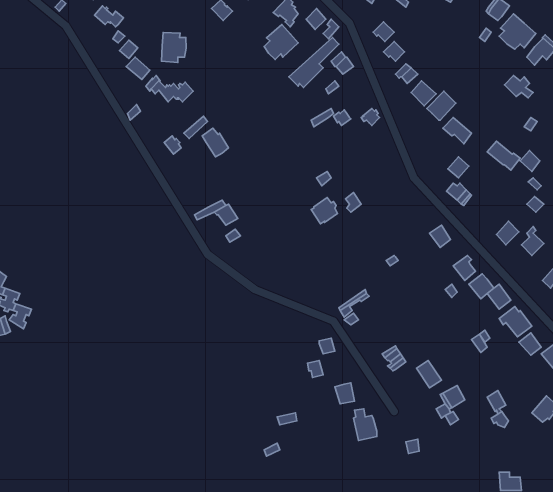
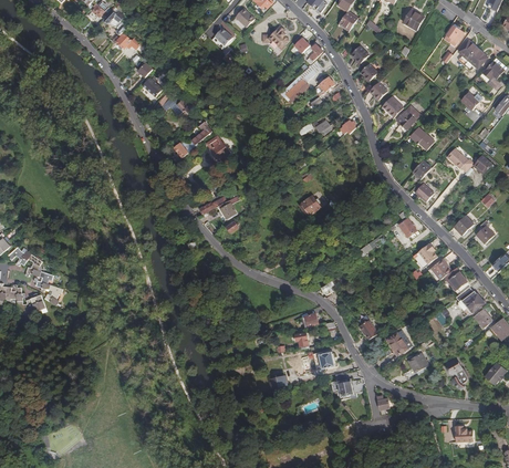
building: [264,25,298,59] -> none
building: [162,32,186,63] -> none

